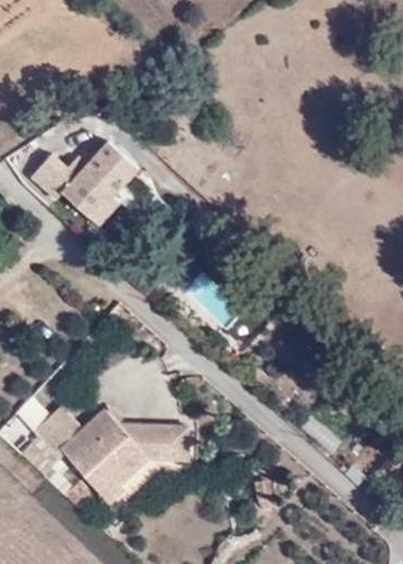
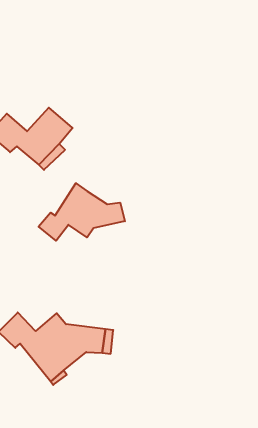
building: none -> [39,183,125,241]

